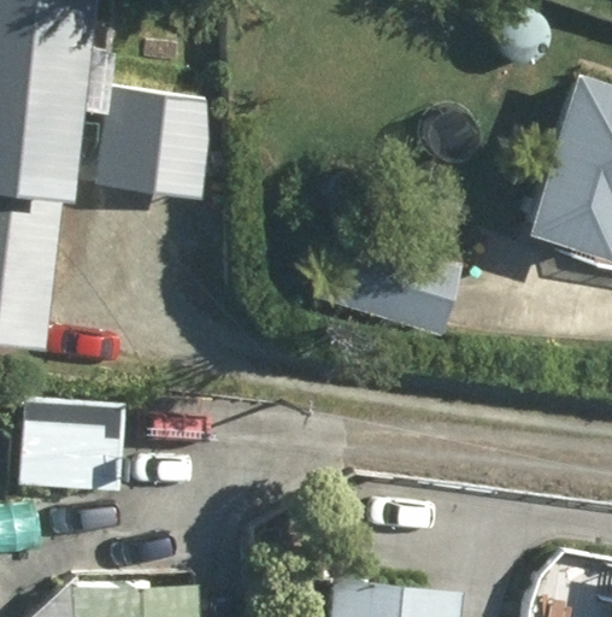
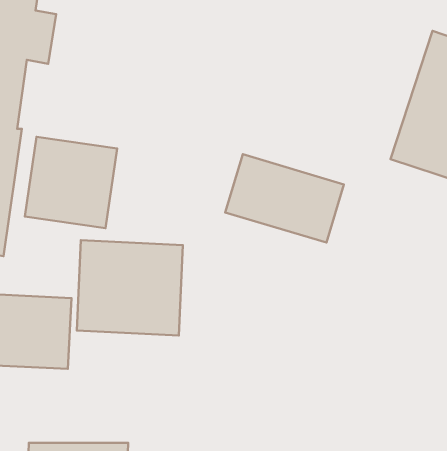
building: [100,88,214,201] -> [25,137,117,228]
building: none -> [77,240,183,335]

